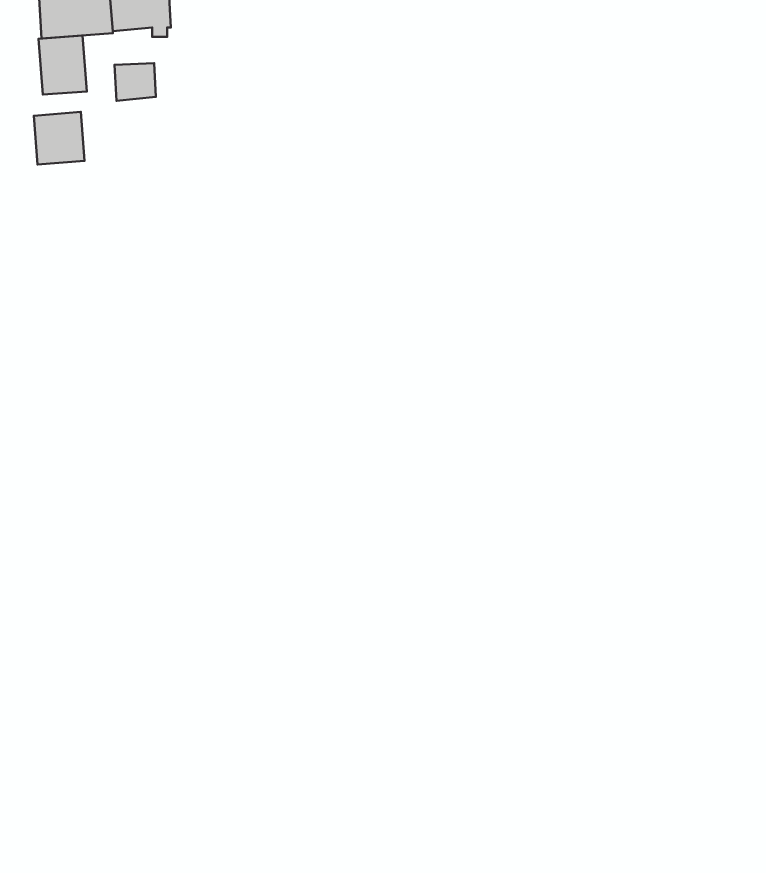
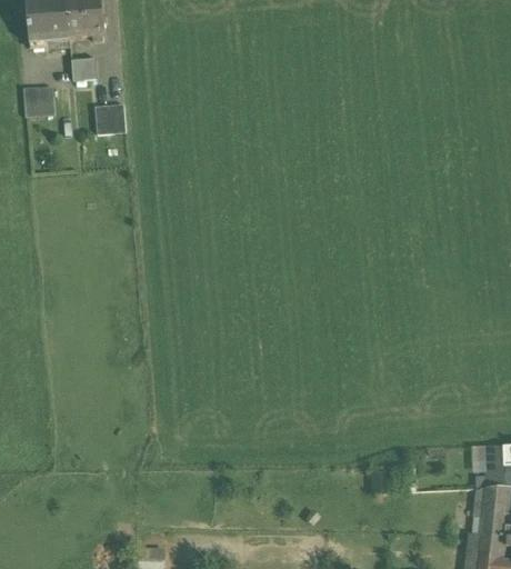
building: [38,36,87,95] -> none
building: none -> [93,103,126,132]

